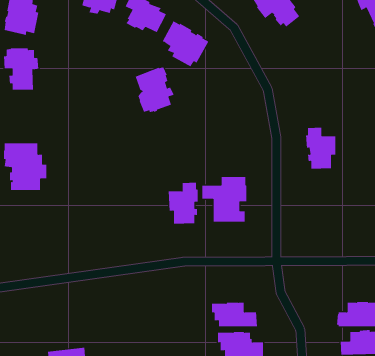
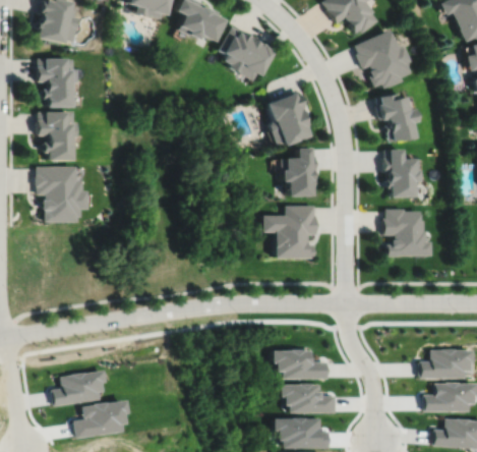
building: none -> [355,30,411,88]
building: [135,67,174,113] -> [265,92,311,145]
building: none -> [376,93,420,142]
building: none -> [36,111,75,160]
building: none -> [383,210,431,257]
building: [168,182,199,224] -> [281,148,316,196]
building: none -> [51,372,105,407]

